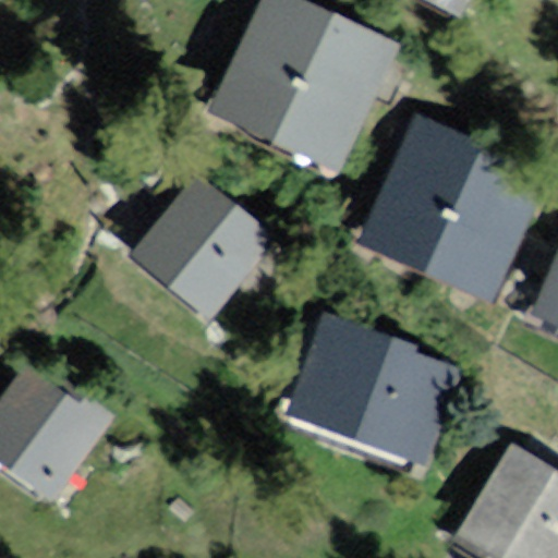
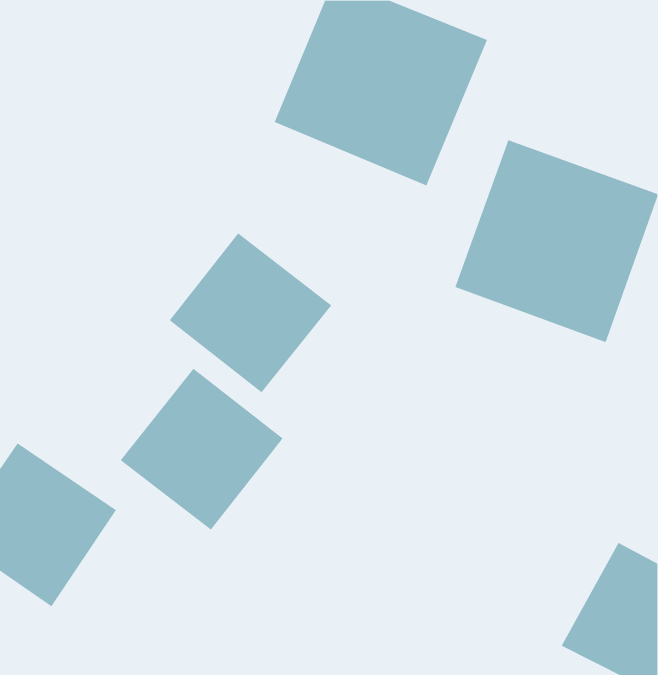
building: none -> [120,368,283,530]
building: [288,320,456,462] -> none

